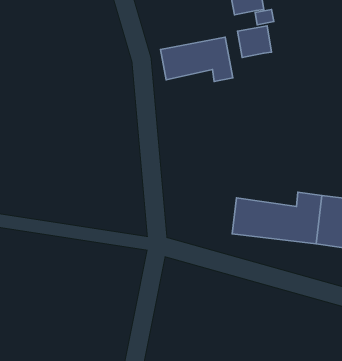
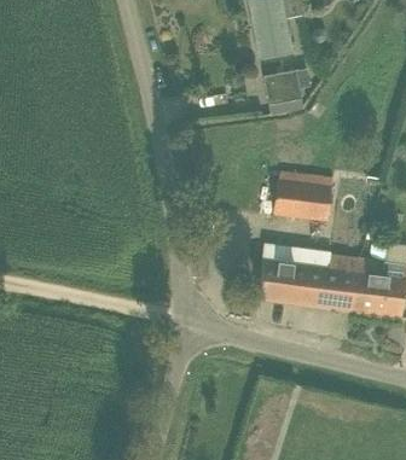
building: [161,37,233,82] -> none
building: none -> [273,170,334,219]

